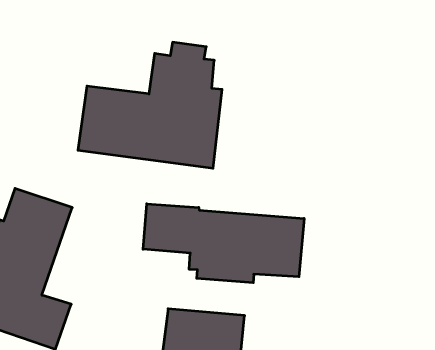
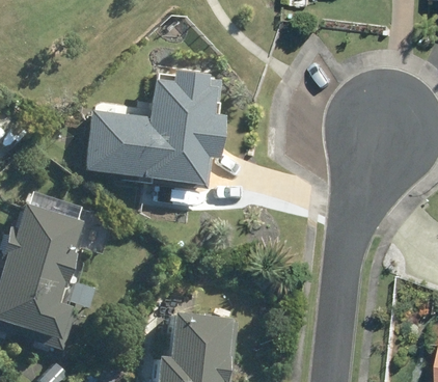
building: [143,204,304,283] -> none

